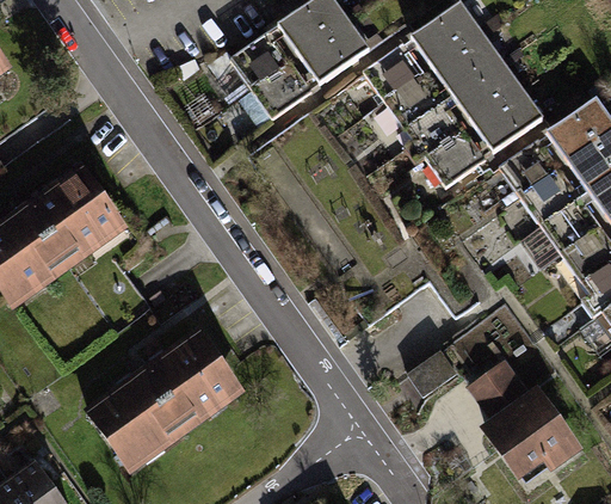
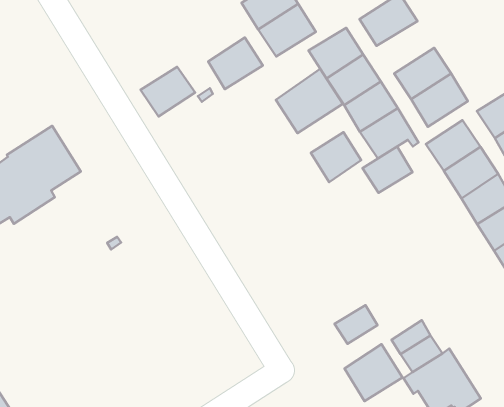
building: [438,32,502,92] -> none
building: [230,33,291,90] -> [141,67,195,116]
building: none -> [276,69,343,133]
building: none -> [311,132,361,182]
building: none -> [363,147,413,193]
building: [90,334,234,462] -> none
building: none -> [345,344,402,401]

